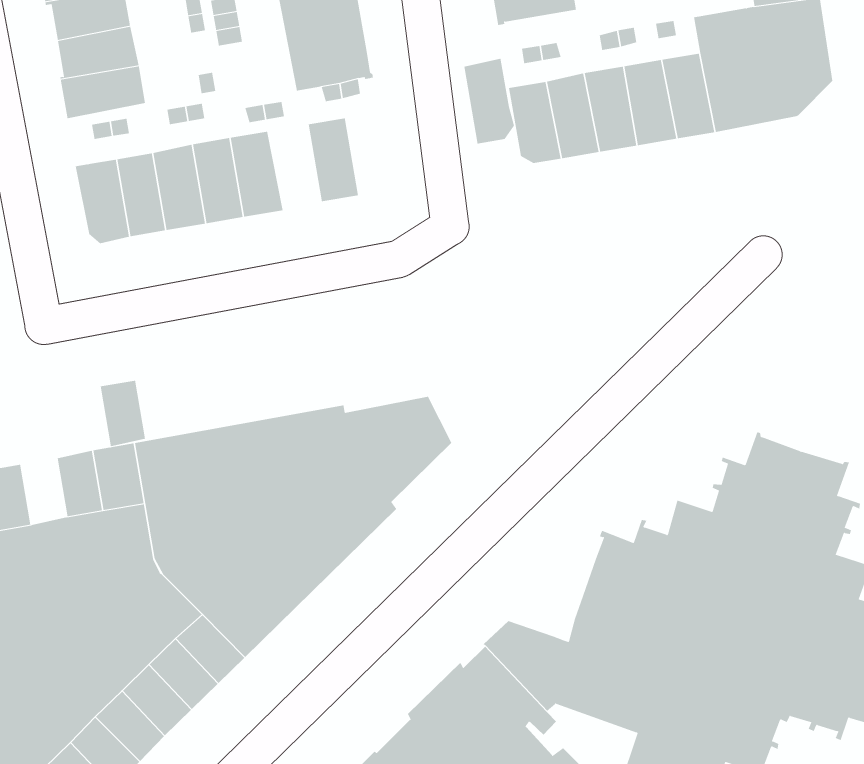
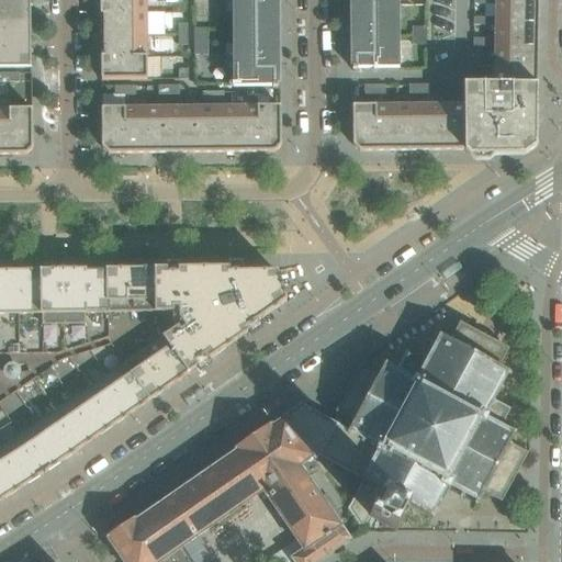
building: [464,58,515,144] -> [257,101,280,147]
building: none -> [212,102,235,148]
building: [100,380,146,447] -> [41,266,61,301]

